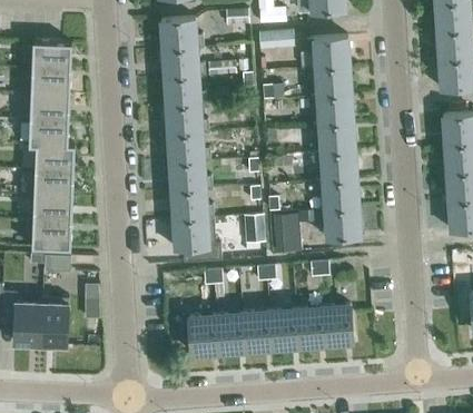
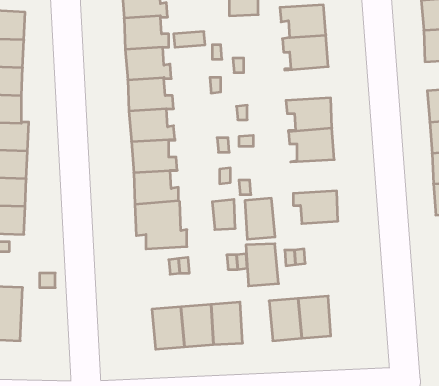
building: [311,94,353,125] -> none
building: [316,179,358,210] -> none
building: [269,309,299,348] -> [246,244,279,286]

